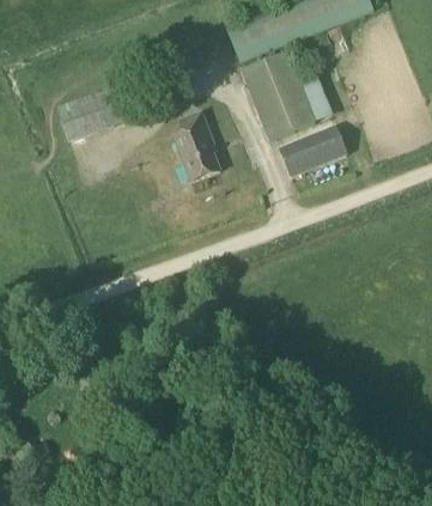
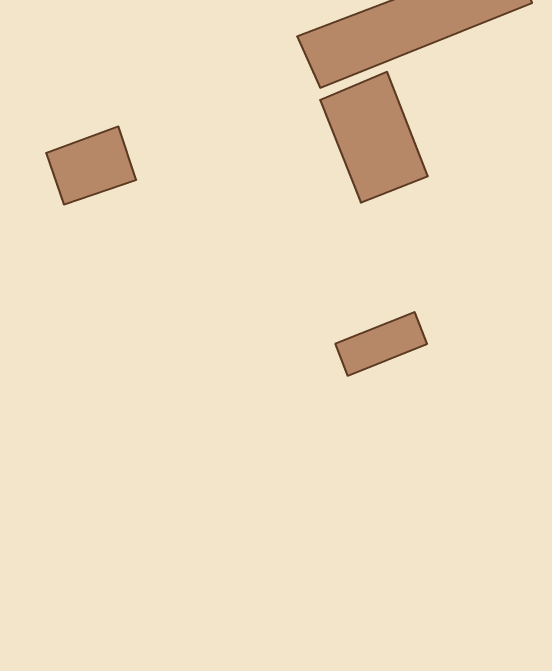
building: [175,110,221,179] -> none
building: [281,127,343,170] -> [335,312,427,376]

